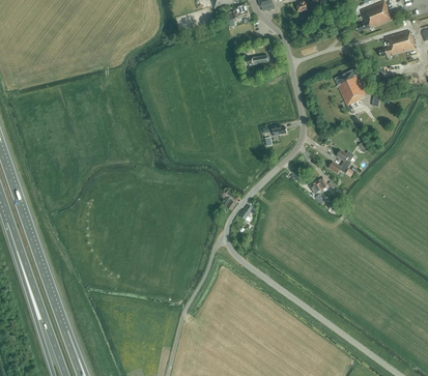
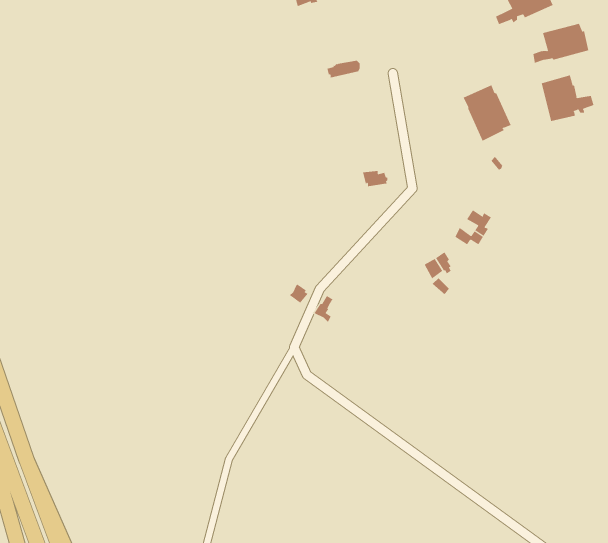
building: none -> [541,74,594,122]

